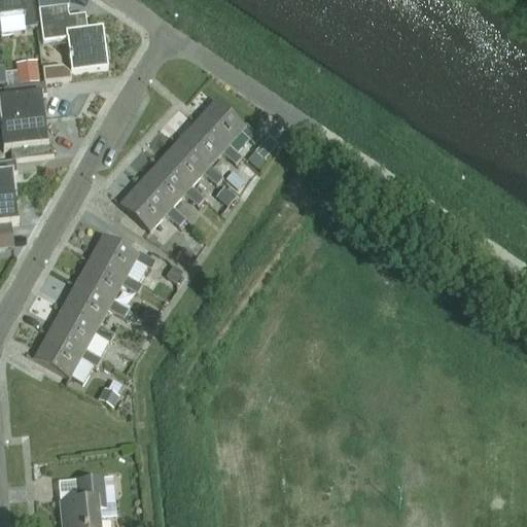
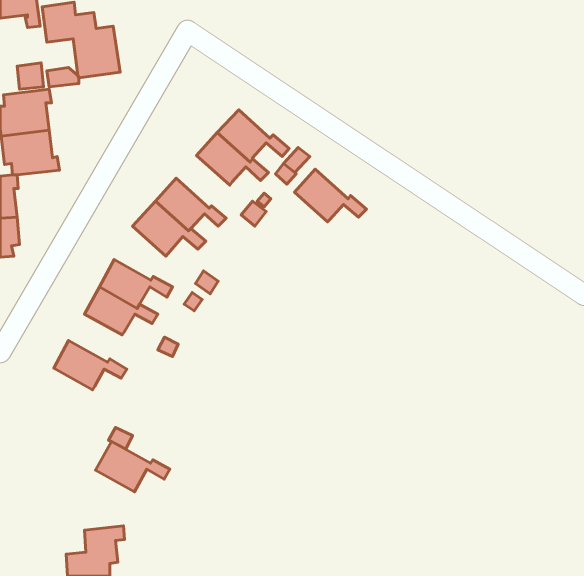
building: [159,140,223,187] -> [294,169,366,222]
building: [62,283,128,326] -> none
building: [34,331,101,377] -> [96,442,170,492]

